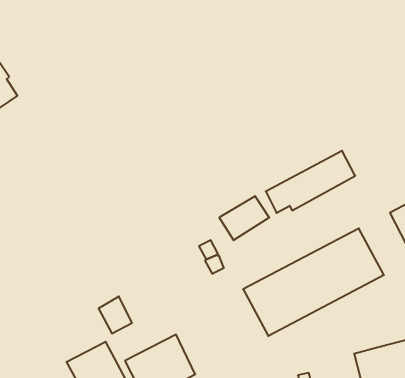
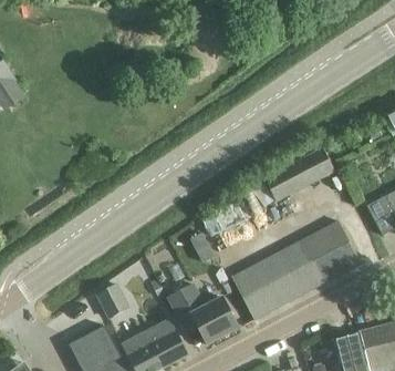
building: none -> [167,286,239,344]

